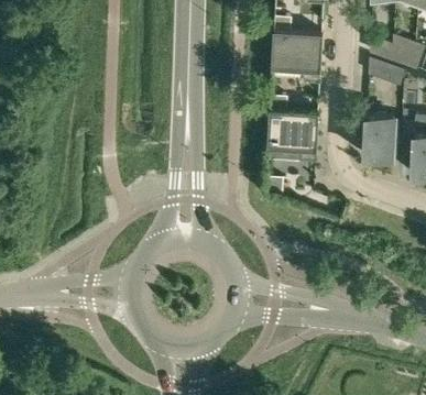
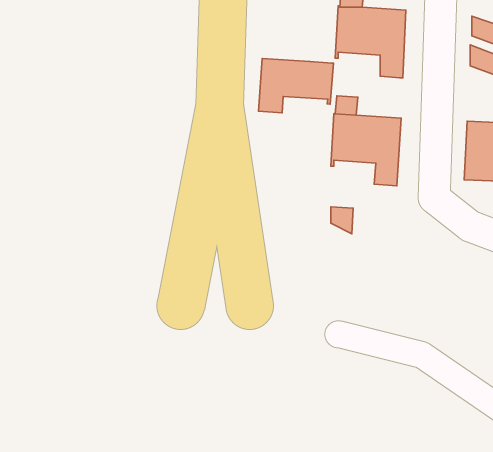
building: none -> [258,58,334,113]

